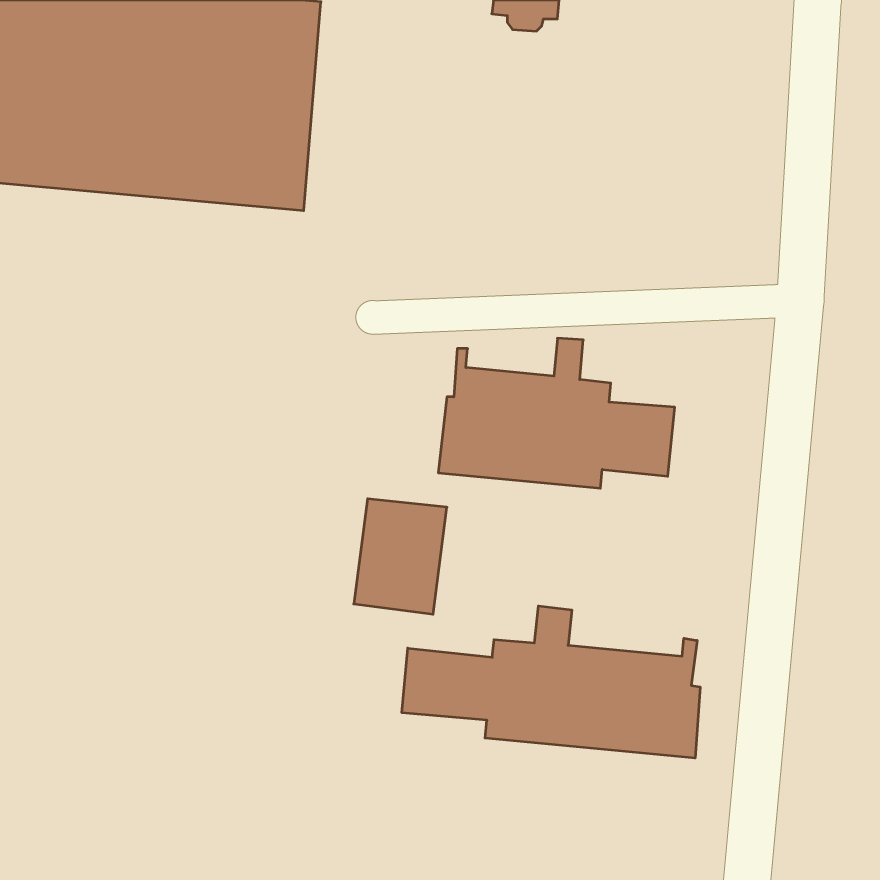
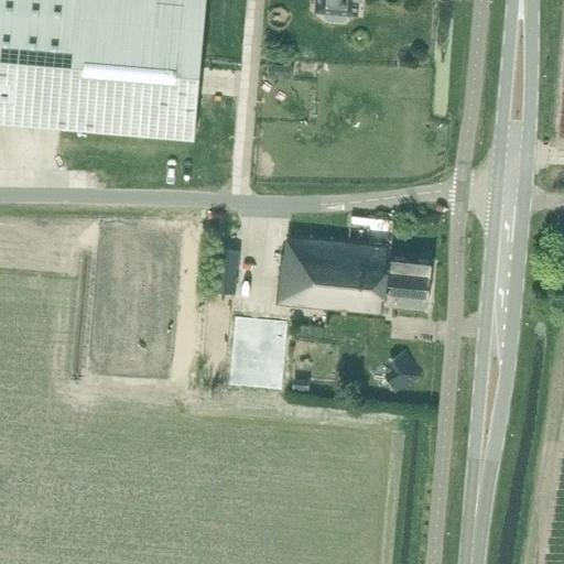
building: none -> [384,348,421,390]
building: [402,606,700,758] -> none

